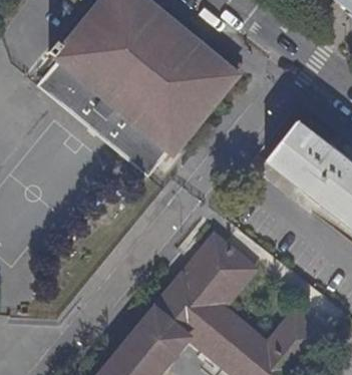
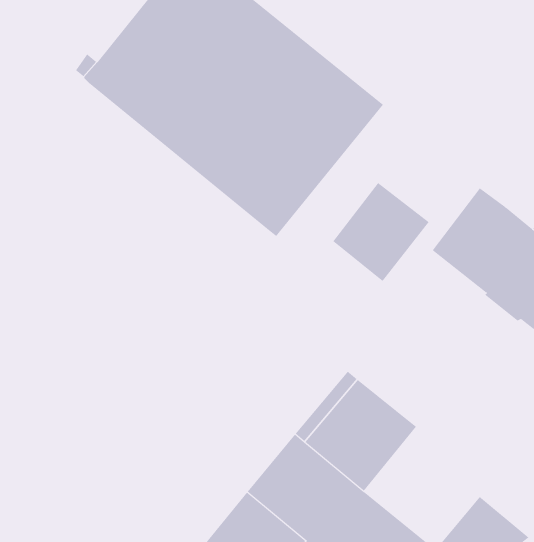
building: [36,59,167,174] -> none
building: none -> [333,182,429,282]

